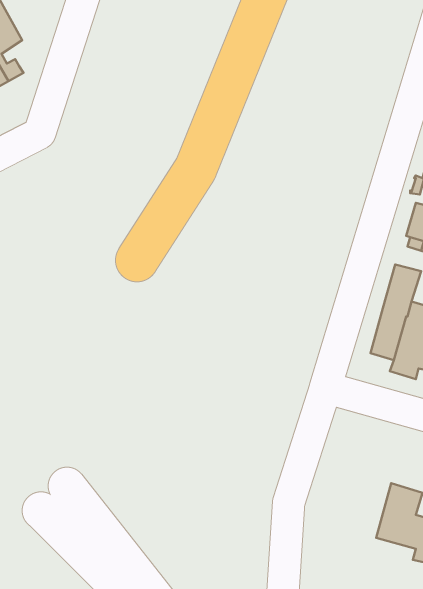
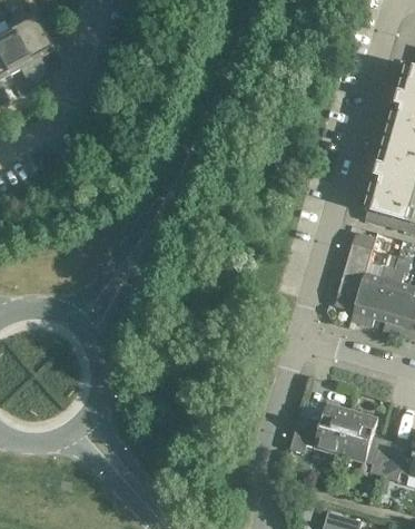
building: none -> [289,403,352,454]

